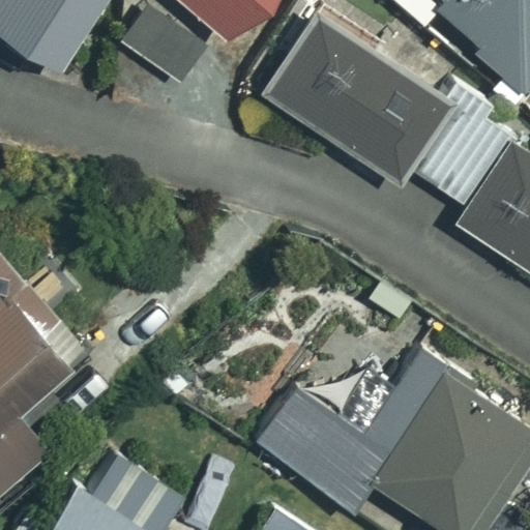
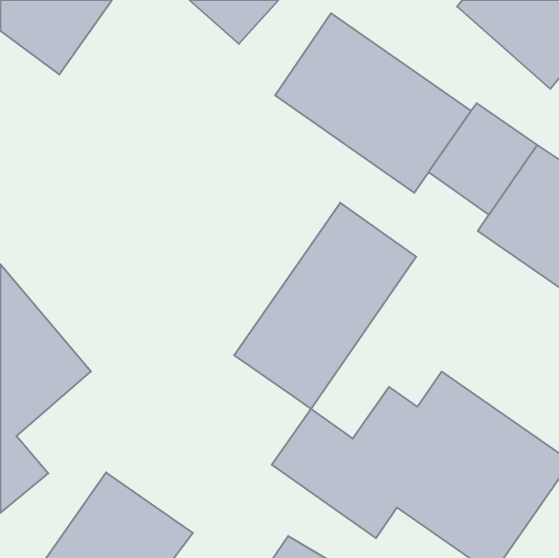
building: none -> [234,203,416,409]

